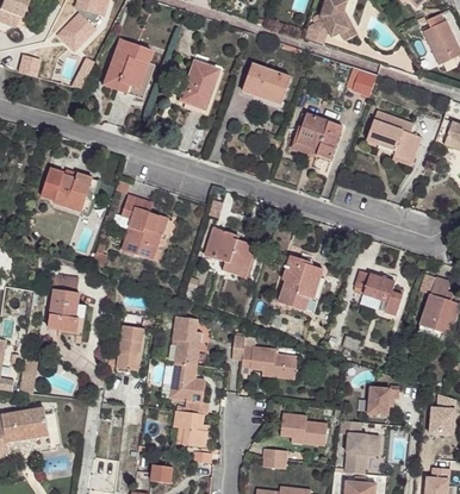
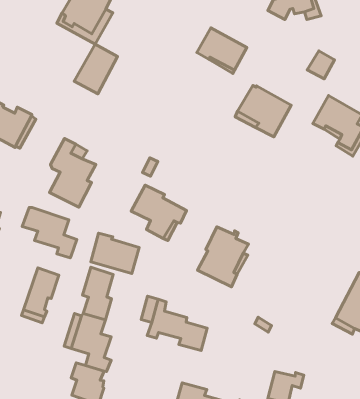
building: [179,61,217,108] -> [74,44,118,94]
building: none -> [22,207,77,258]
building: [353,270,404,315] -> none
building: none -> [91,233,139,273]

